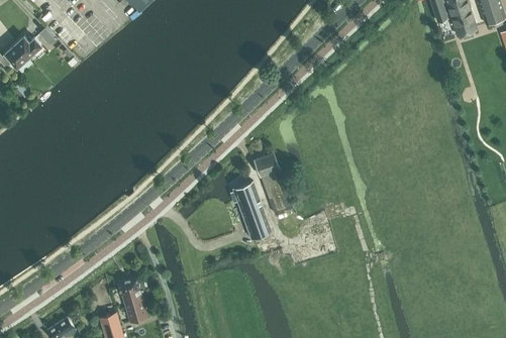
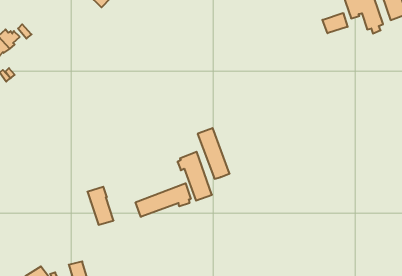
building: none -> [322,13,348,33]
building: none -> [136,183,191,217]
building: [117,277,148,323] -> [87,187,114,225]

